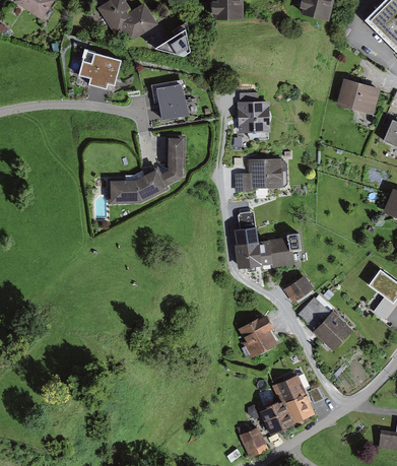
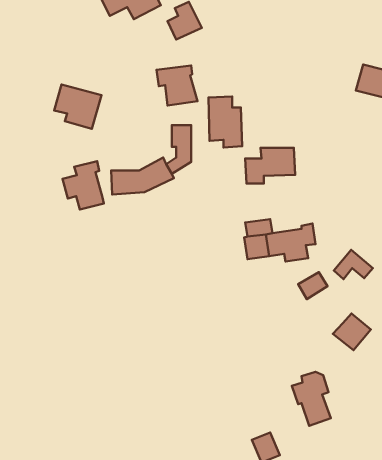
building: [78,51,123,92] -> [54,84,102,129]
building: [237,92,268,140] -> [208,97,242,147]
building: none -> [62,161,104,210]
building: [297,297,334,325] -> [334,250,373,279]
building: [239,314,276,355] -> none
building: [260,400,295,436] -> none

